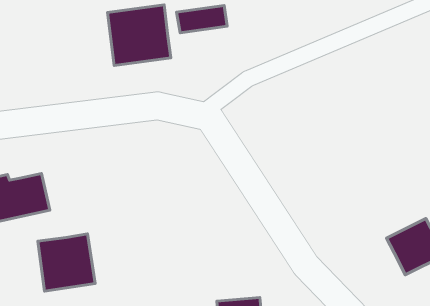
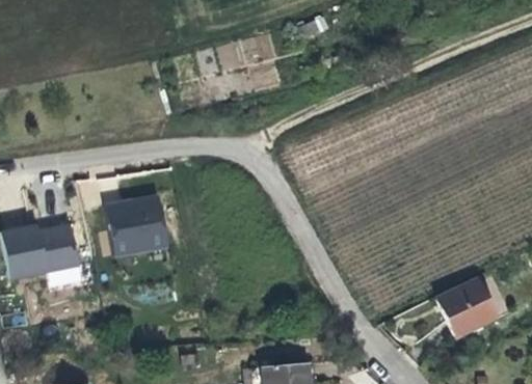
building: [108,5,171,66] -> none
building: [38,234,95,291] -> [102,191,165,254]

